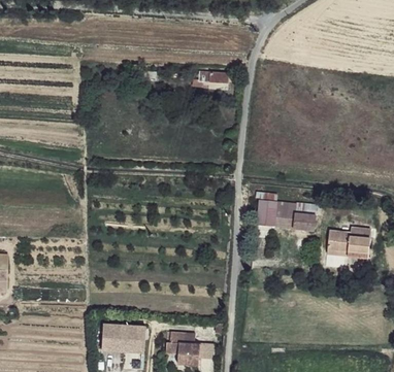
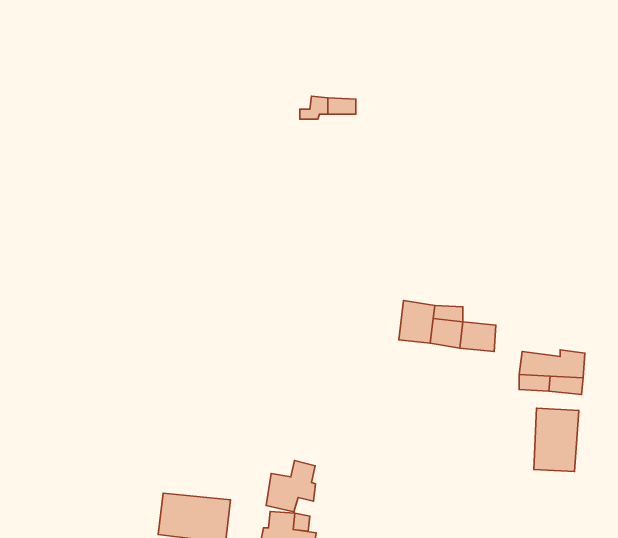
building: none -> [534,408,579,472]
building: none -> [266,460,316,512]

